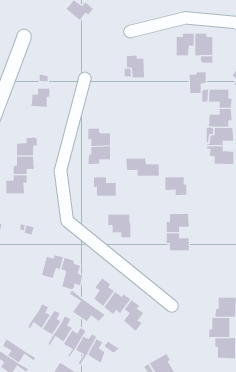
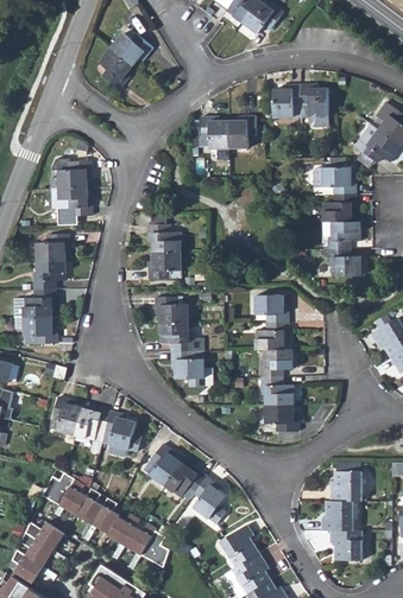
building: none -> [99,49,133,90]
building: [189,72,207,94] -> [227,117,253,150]
building: none -> [53,191,90,220]
building: [125,158,160,176] -> [157,323,207,349]
building: none -> [24,319,56,345]
building: none -> [257,320,290,348]
building: none -> [51,399,83,438]
building: none -> [264,402,297,428]
building: [69,290,105,322] -> none
building: none -> [42,471,77,505]
building: none -> [25,521,65,551]
building: none -> [222,524,260,565]

